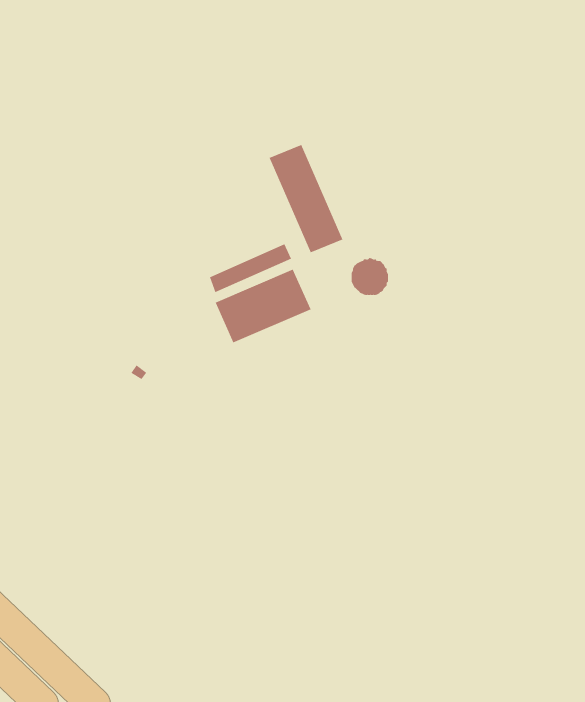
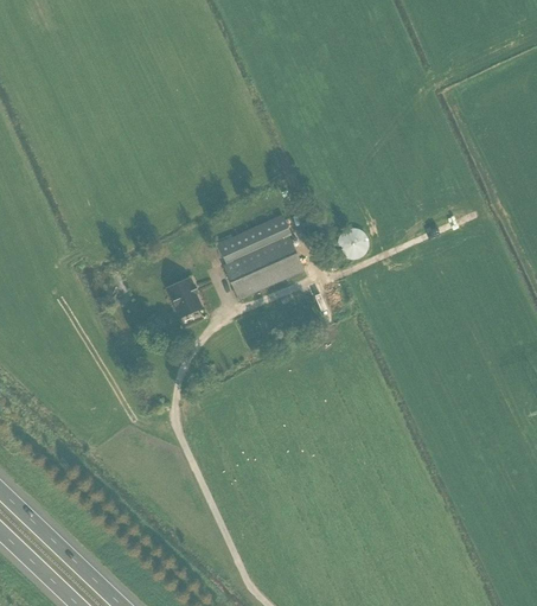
building: [269,144,343,253] -> none
building: none -> [168,278,199,313]

